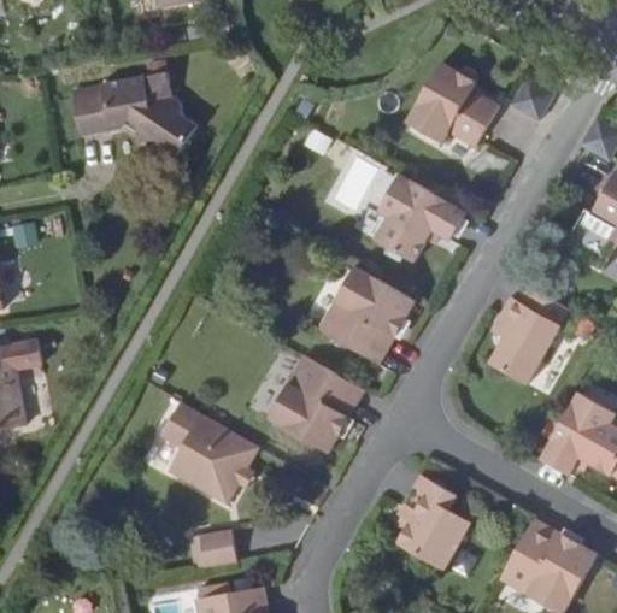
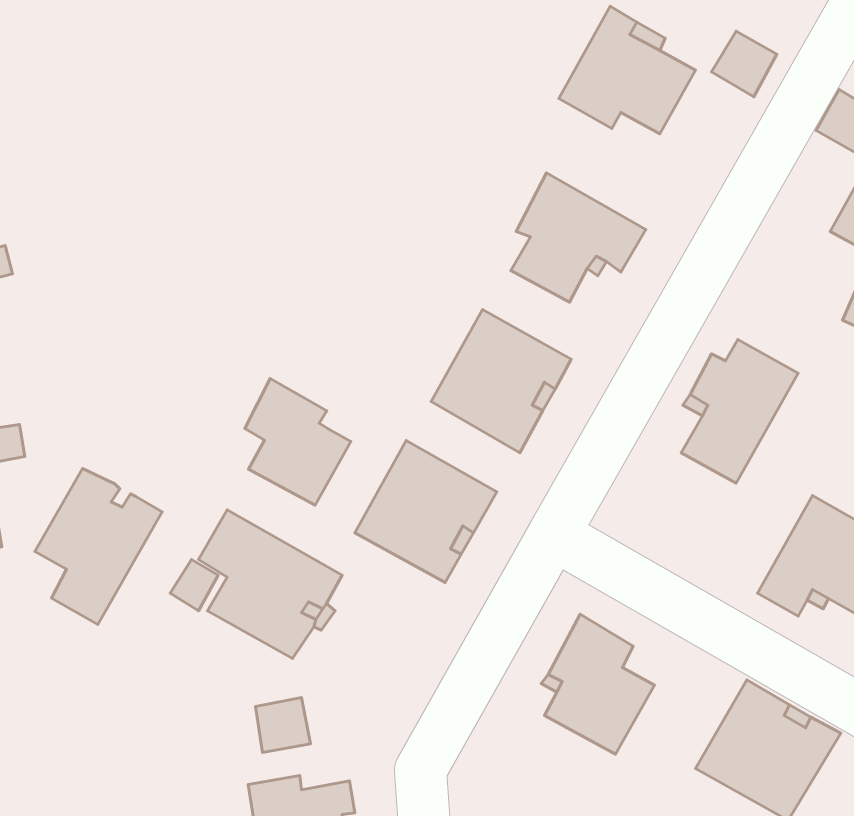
building: [74,69,192,149] -> none
building: none -> [245,378,351,505]
building: none -> [35,468,162,625]

